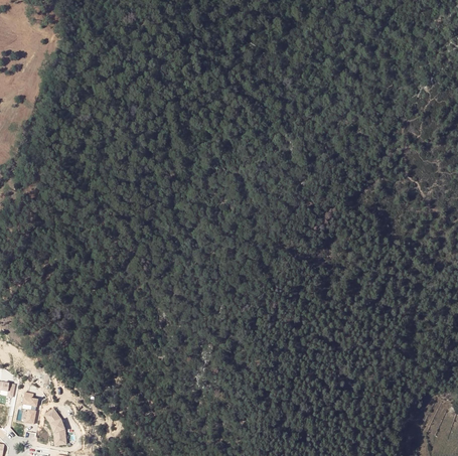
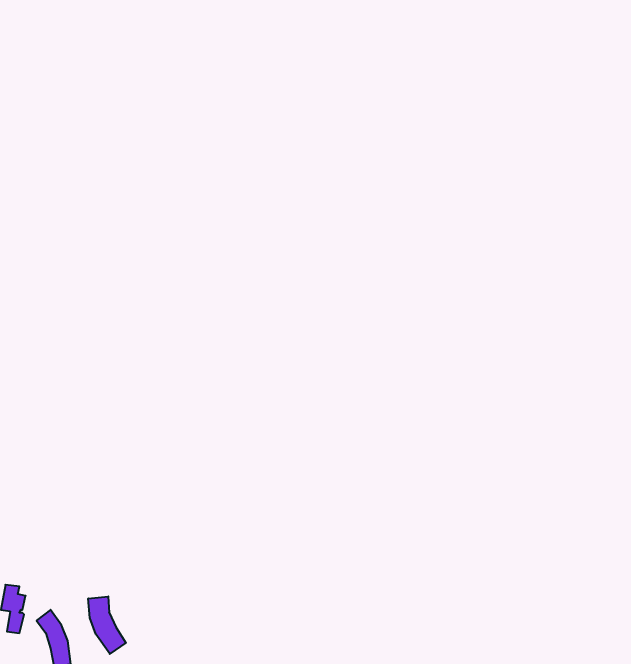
building: none -> [88,596,126,654]

